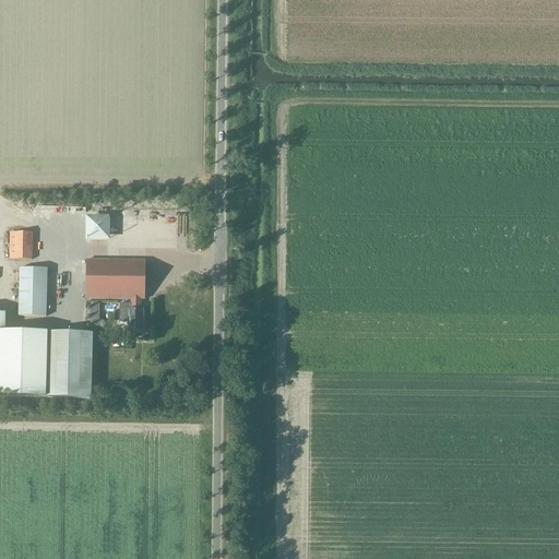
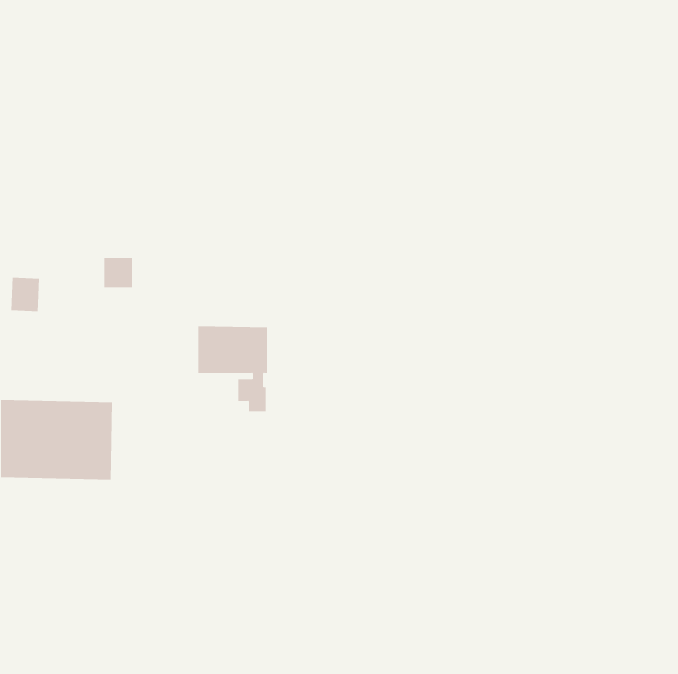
building: [86,257,144,328] -> [198,326,268,412]
building: [19,265,47,314] -> none

